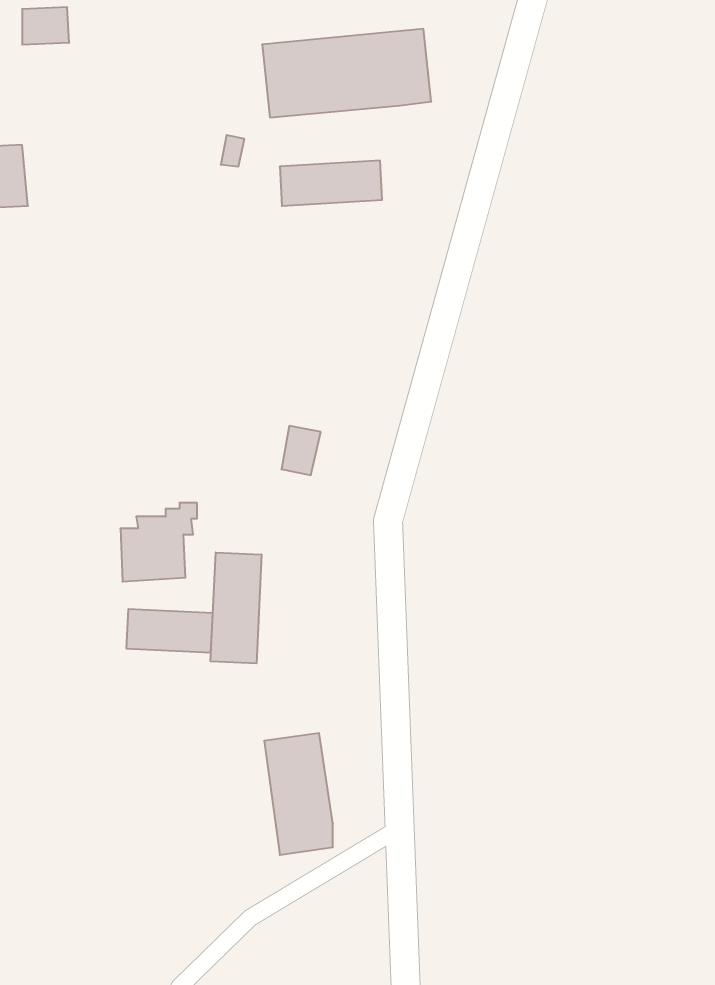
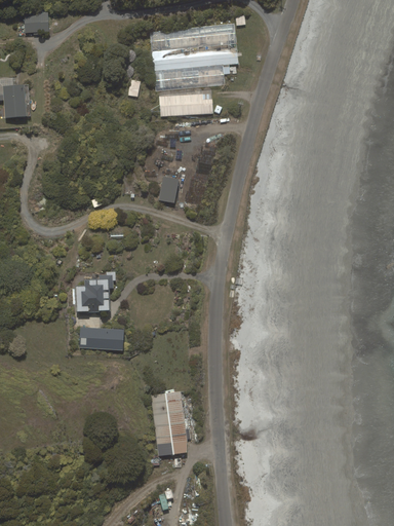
building: none -> [154,65,225,90]
building: [281,426,321,475] -> [159,177,180,202]
building: [211,552,261,663] -> none

